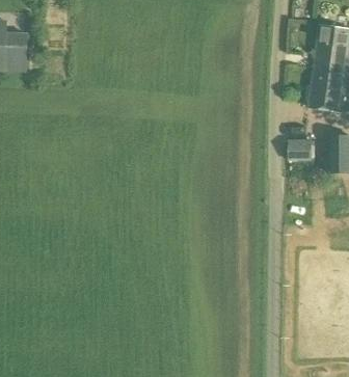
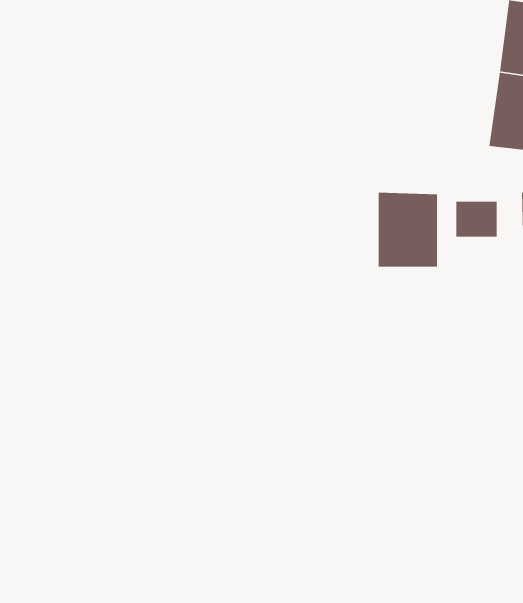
building: none -> [378,192,438,268]

